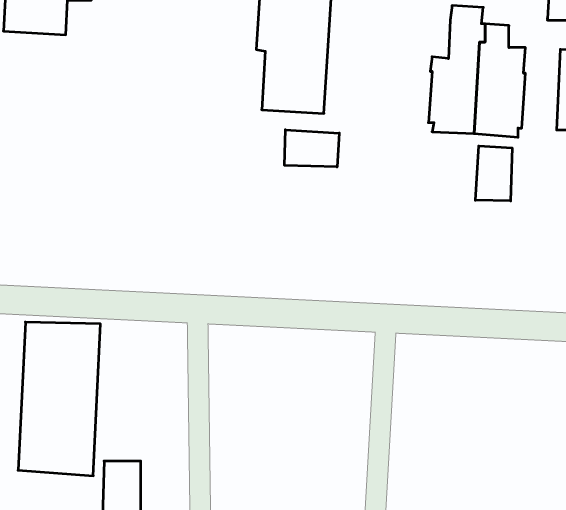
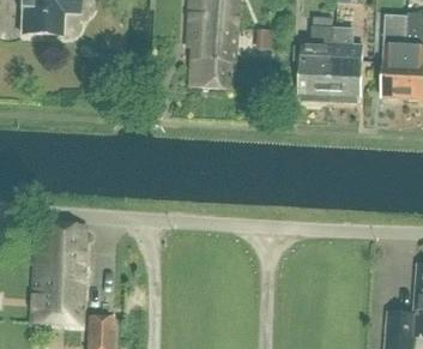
building: [285,130,339,167] -> none
building: [475,146,512,201] -> none

